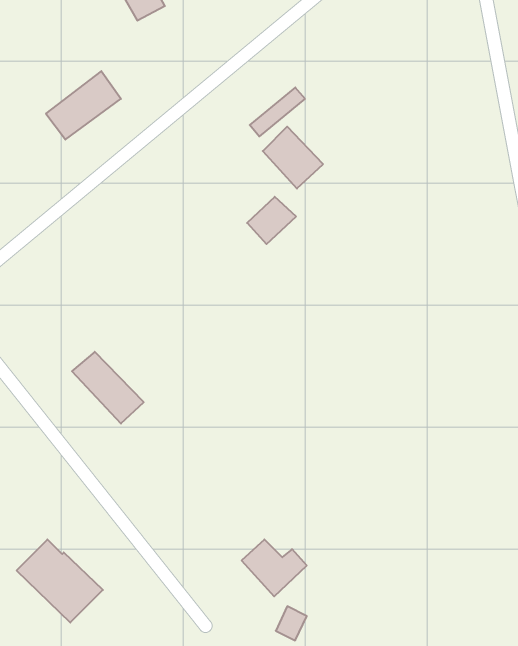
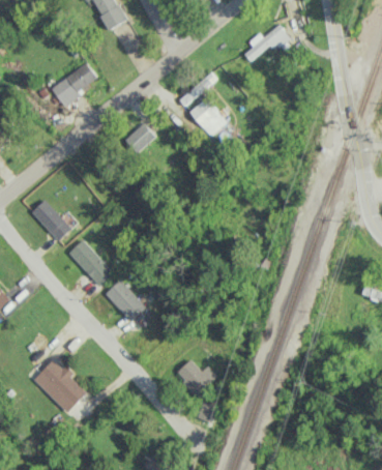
building: none -> [244,26,294,60]
building: [247,197,296,244] -> [125,123,156,153]
building: none -> [32,200,72,241]
building: none -> [105,280,146,321]

